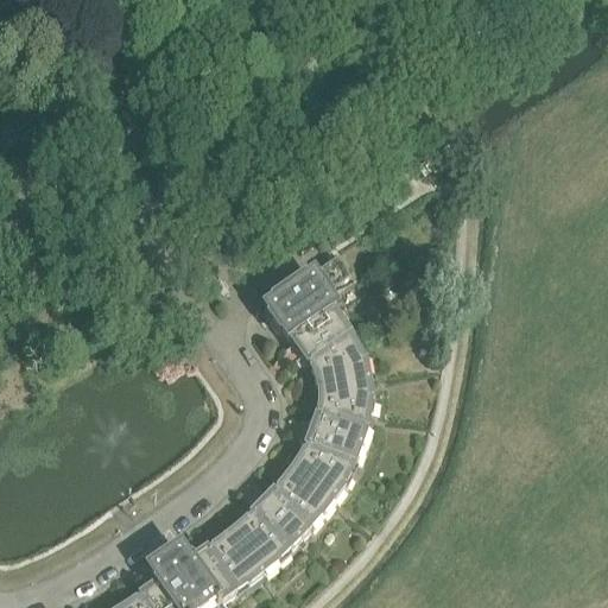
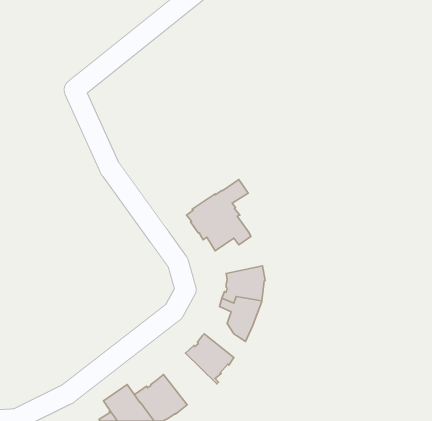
building: [303,331,369,384] -> none
building: [287,430,346,501] -> none
building: [230,495,305,568] -> none

